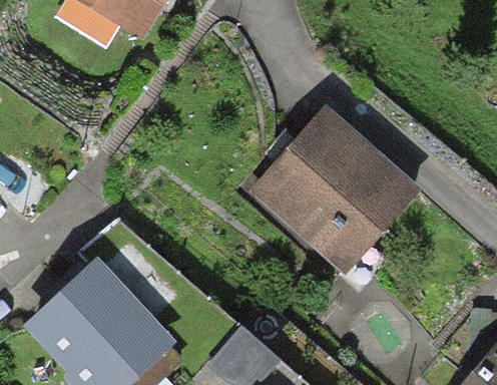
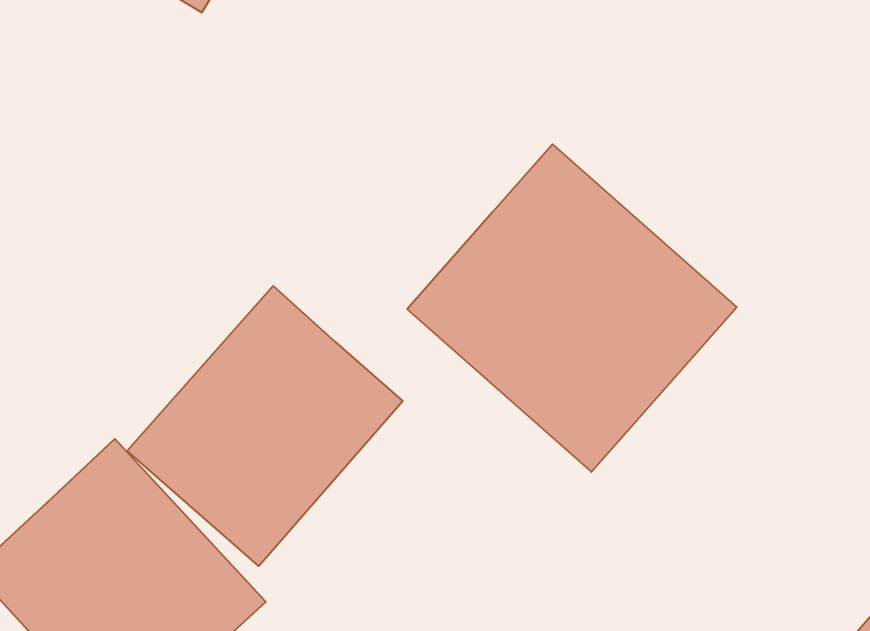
building: none -> [127,286,403,566]

